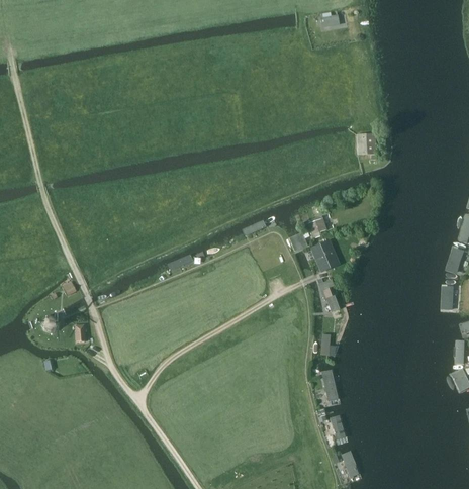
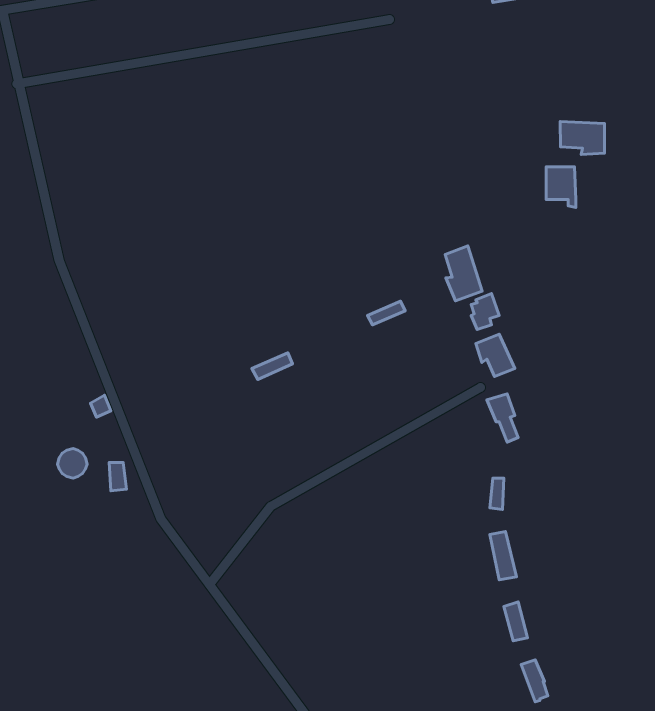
building: none -> [560,121,604,154]
building: none -> [445,246,482,301]

